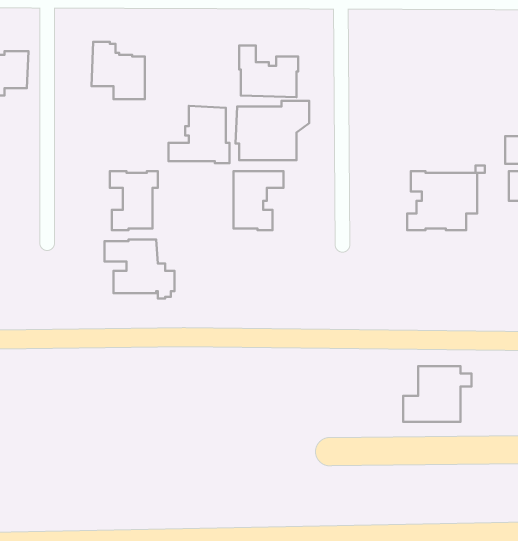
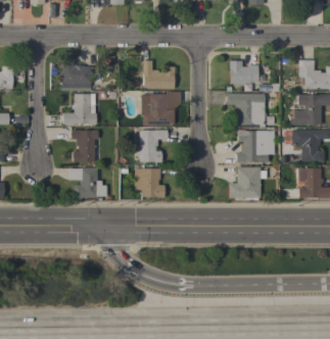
building: none -> [230,60,258,84]
building: none -> [227,93,275,127]
building: [169,106,229,163] -> [63,93,97,125]
building: none -> [135,168,164,197]
building: [403,366,472,422] -> [229,166,267,197]

